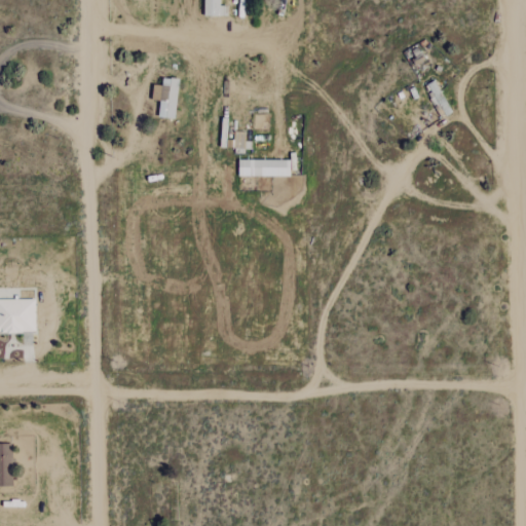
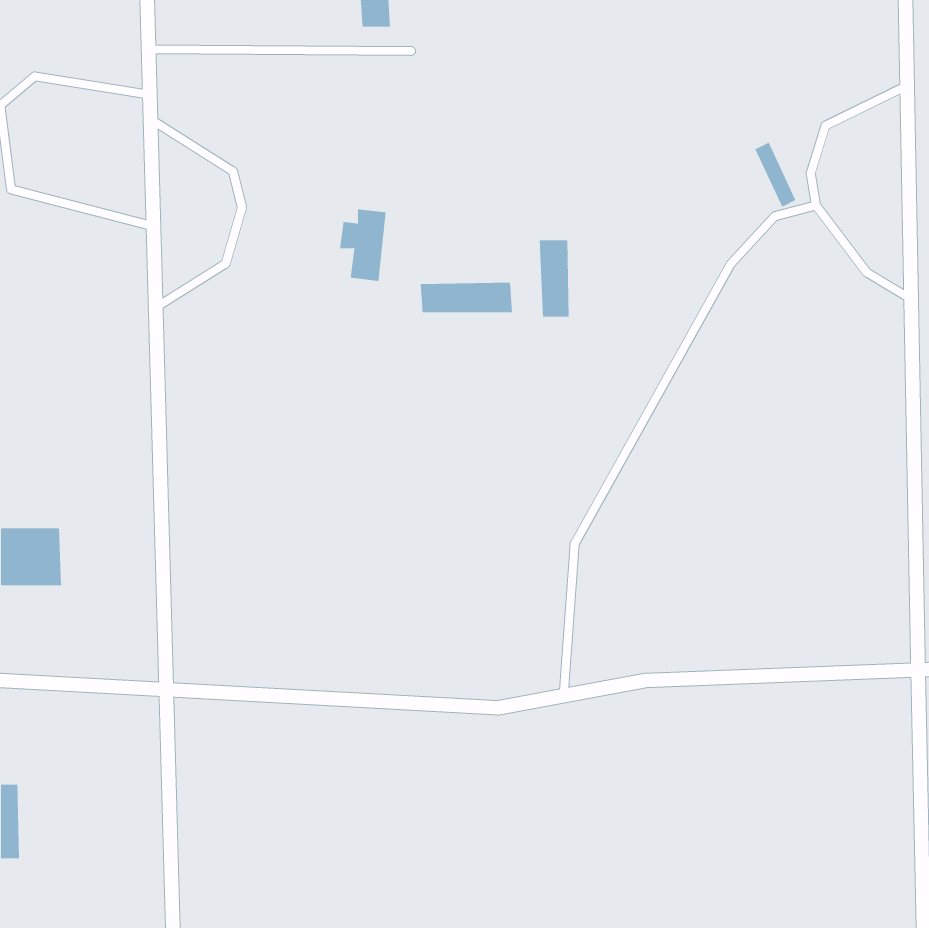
building: [151,77,178,118] -> [339,209,386,281]
building: none -> [539,239,569,318]

